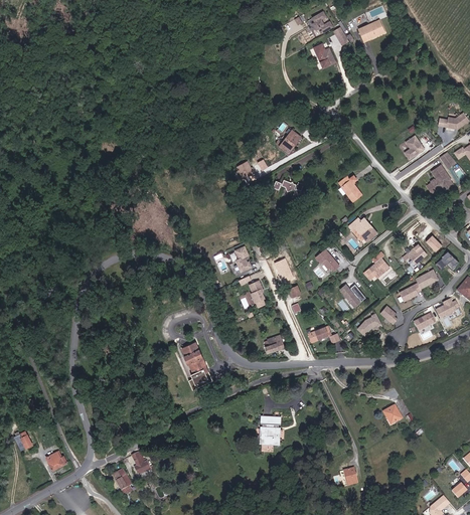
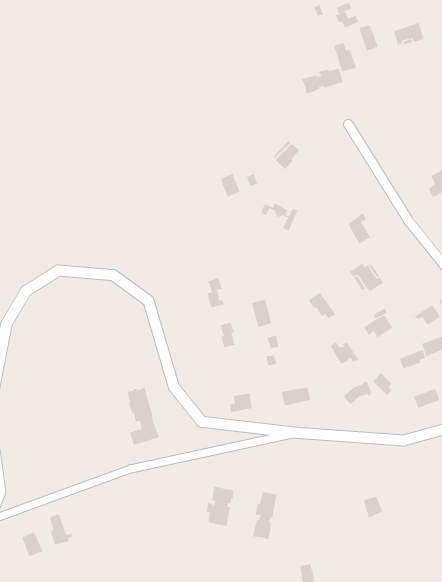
building: none -> [302,68,344,94]
building: none -> [253,491,277,540]

